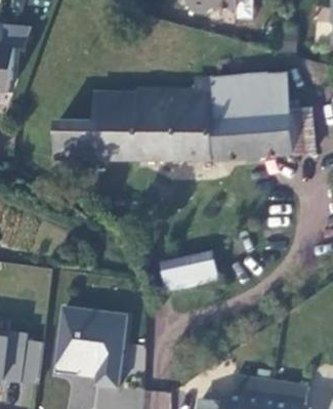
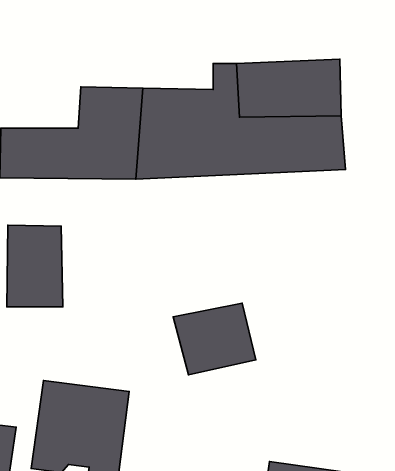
building: [285,110,311,153] -> none
building: none -> [7,225,63,307]

